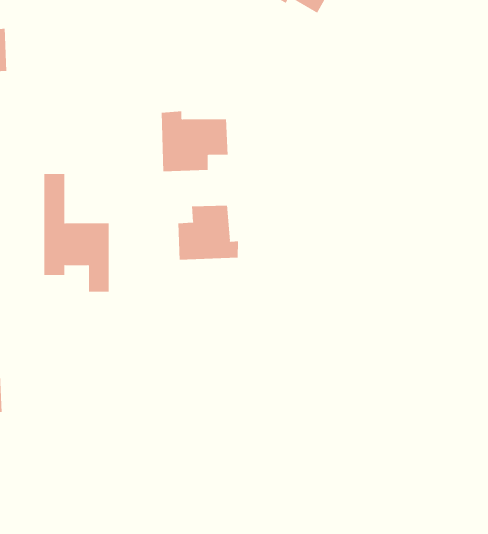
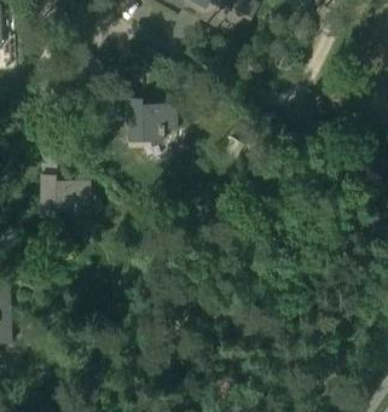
building: [178,205,239,261] -> none

